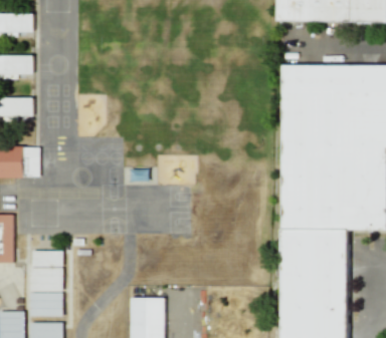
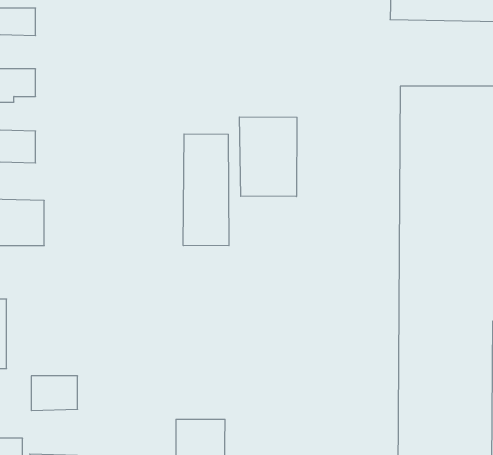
building: none -> [240,117,297,197]
building: none -> [183,134,229,246]
building: [28,251,60,267] -> none
building: [26,293,59,316] -> none

